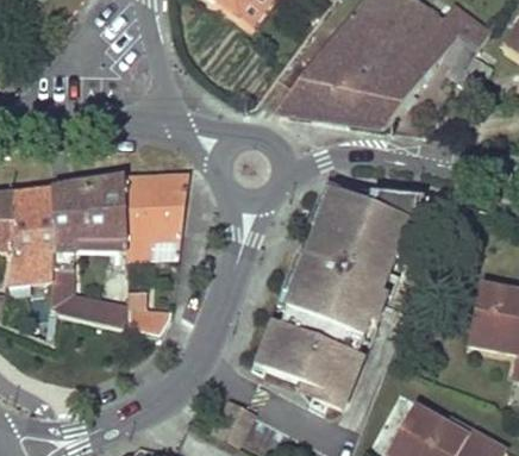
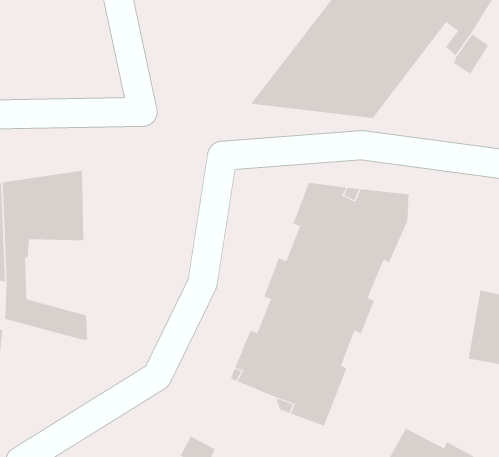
building: [124,173,188,257] -> none
building: [127,289,170,335] -> none

